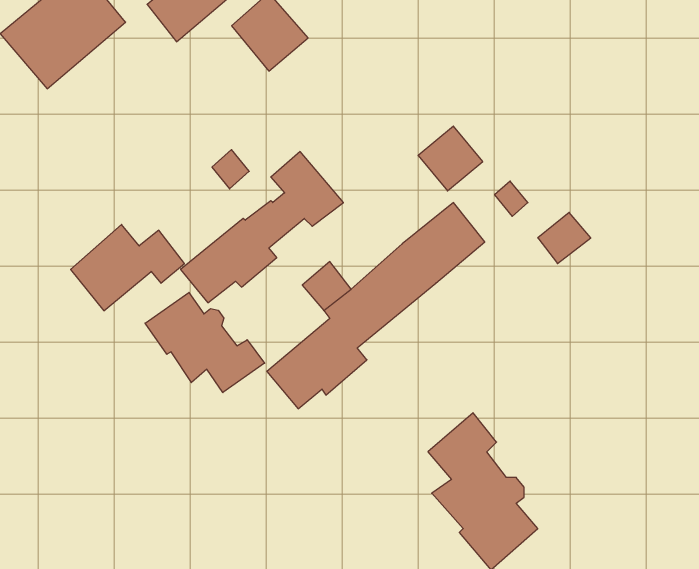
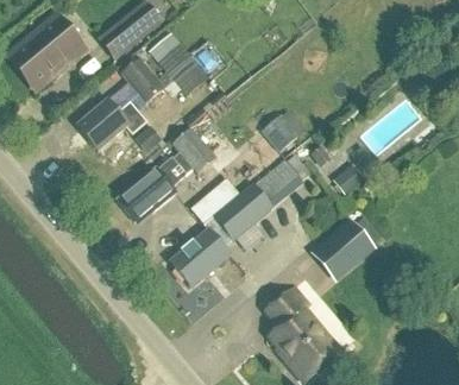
building: none -> [121,56,164,101]
building: [71,224,184,311] -> [77,97,146,150]
building: [145,292,265,393] -> none
building: none -> [308,220,373,283]

